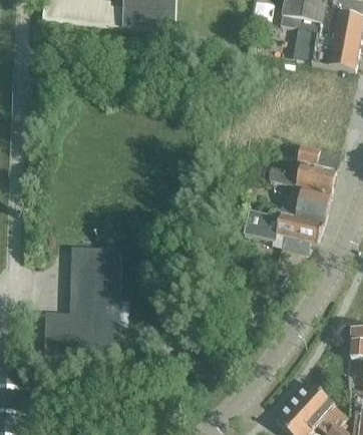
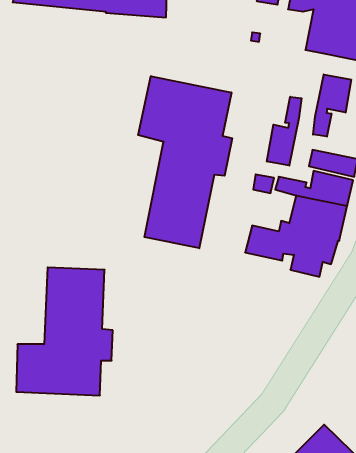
building: none -> [313,74,351,137]
building: none -> [138,76,232,248]
building: none -> [267,97,302,166]

